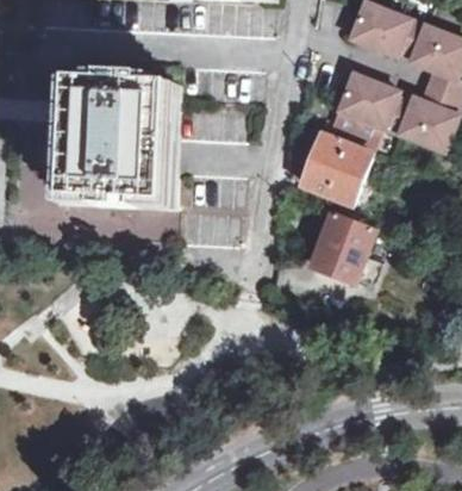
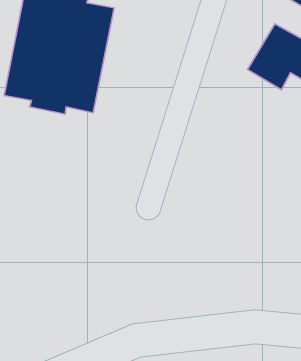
building: [300,131,372,204] -> none
building: [311,210,374,291] -> none

